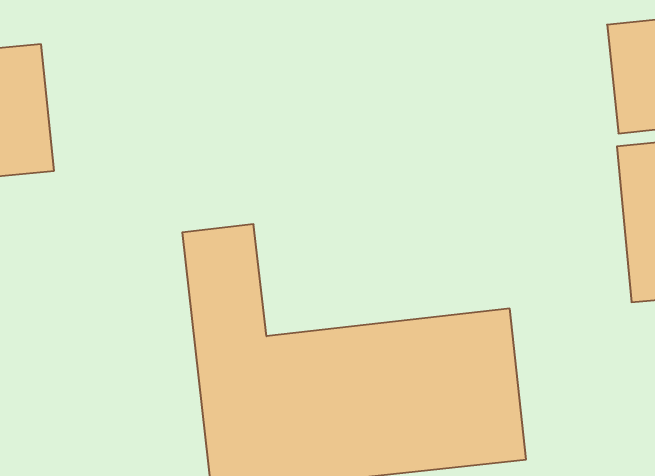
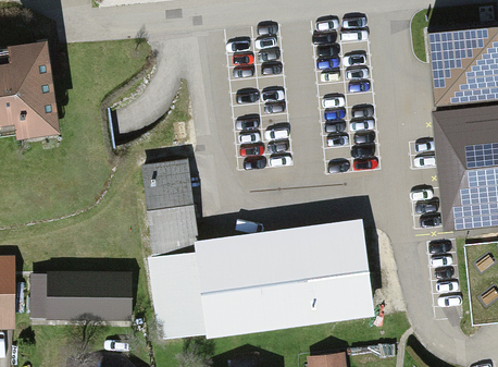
building: none -> [42,271,121,320]

